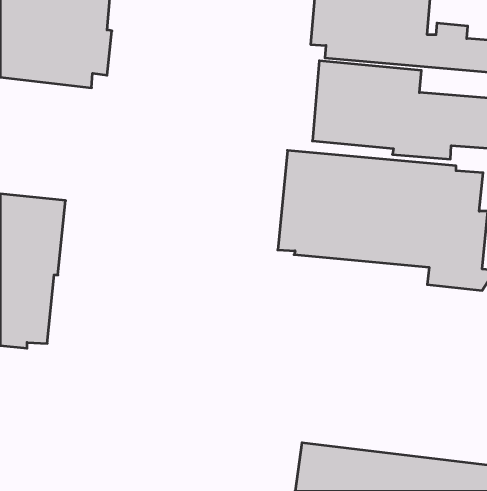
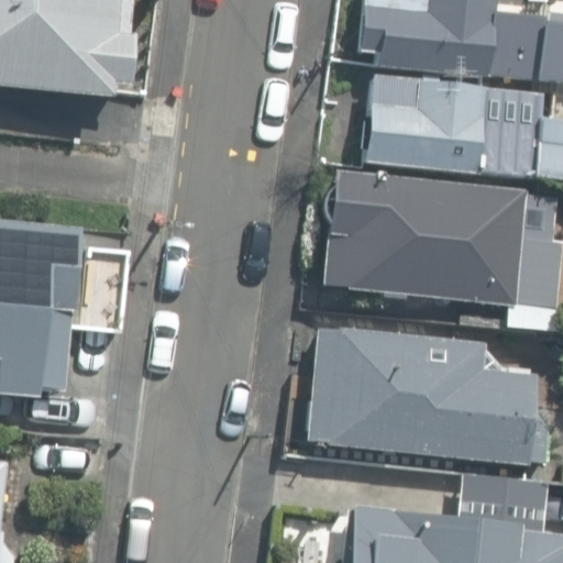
building: none -> [309,327,538,464]

